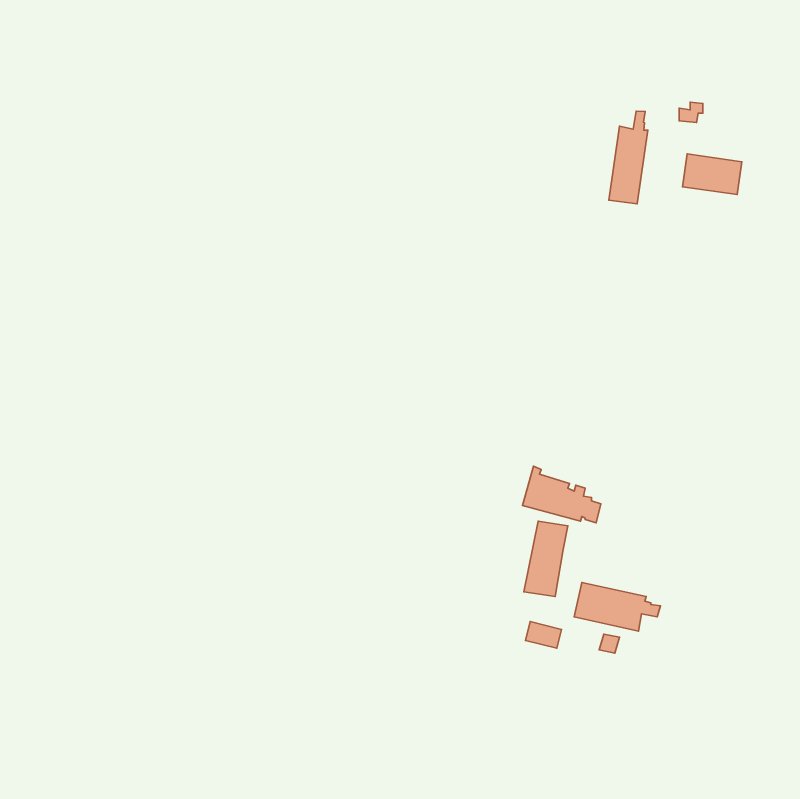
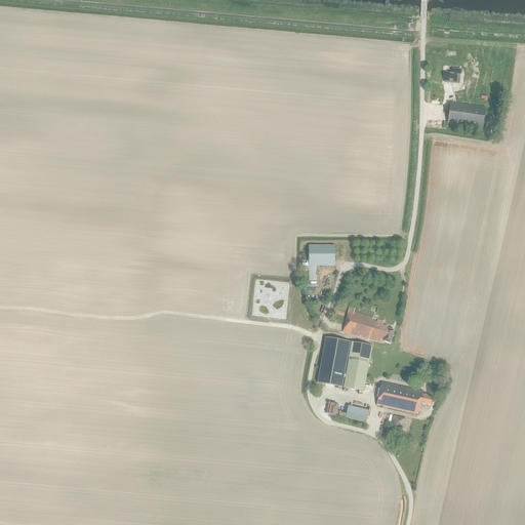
building: [609,111,648,204] -> none
building: none -> [308,243,334,265]
building: none -> [316,335,349,386]

